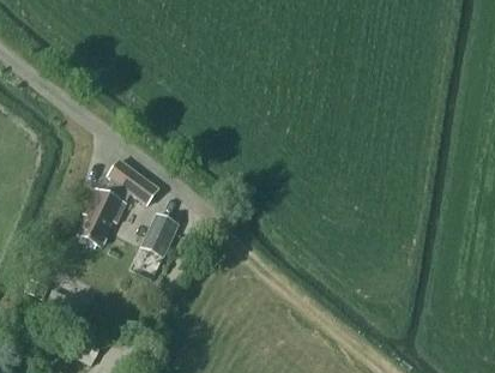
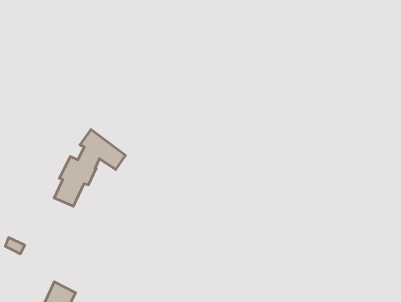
building: [140,215,177,258] -> none

